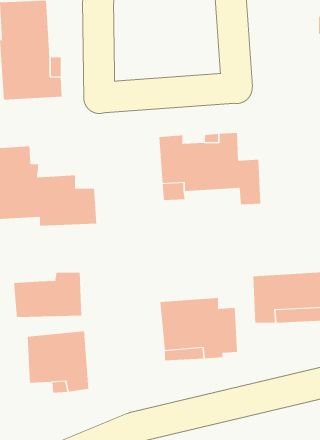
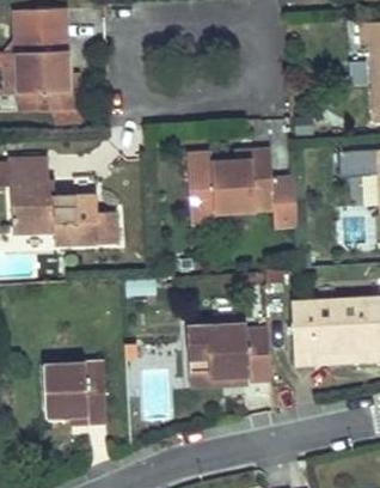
building: [13,272,82,318] -> none

